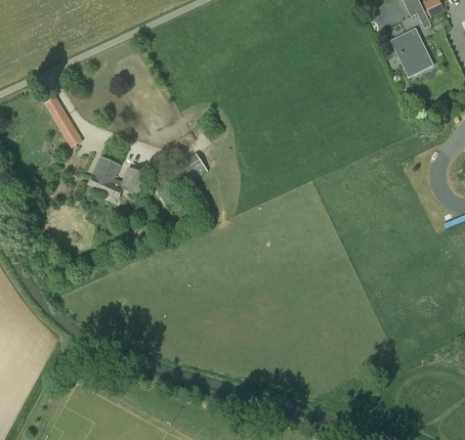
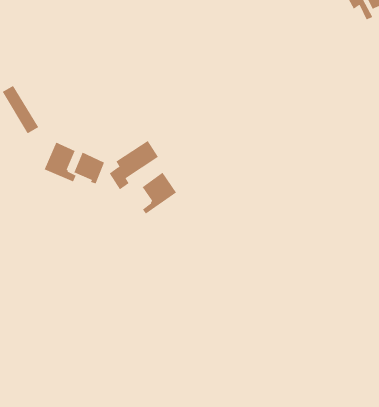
building: [391,31,433,76] -> none
building: none -> [142,172,177,214]

